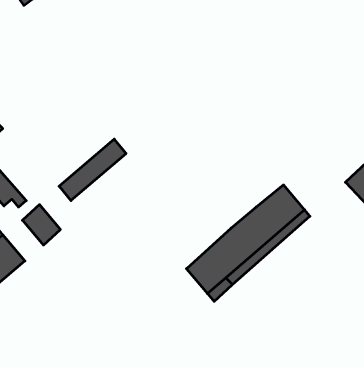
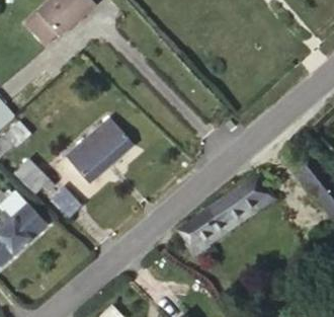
building: none -> [63,120,118,171]

